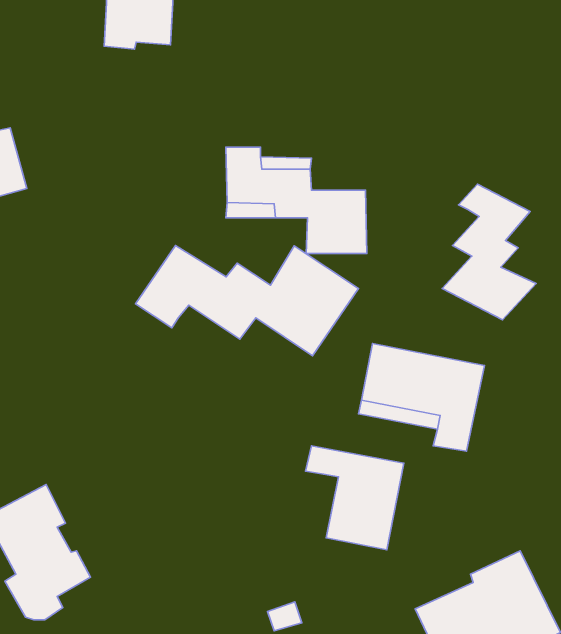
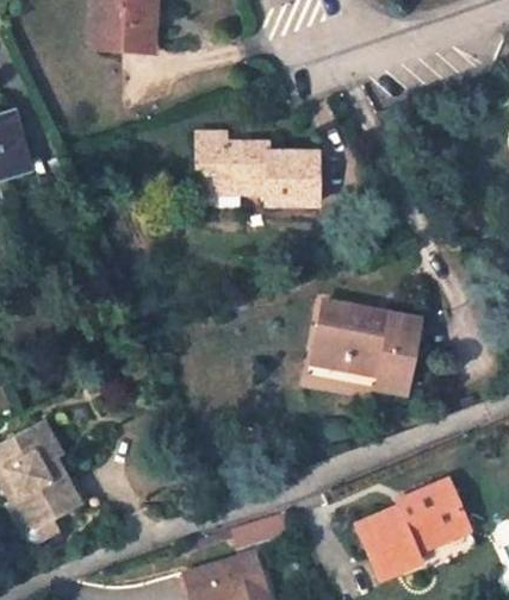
building: [442,184,536,320] -> none
building: [135,245,358,356] -> none
building: [306,446,404,550] -> none

